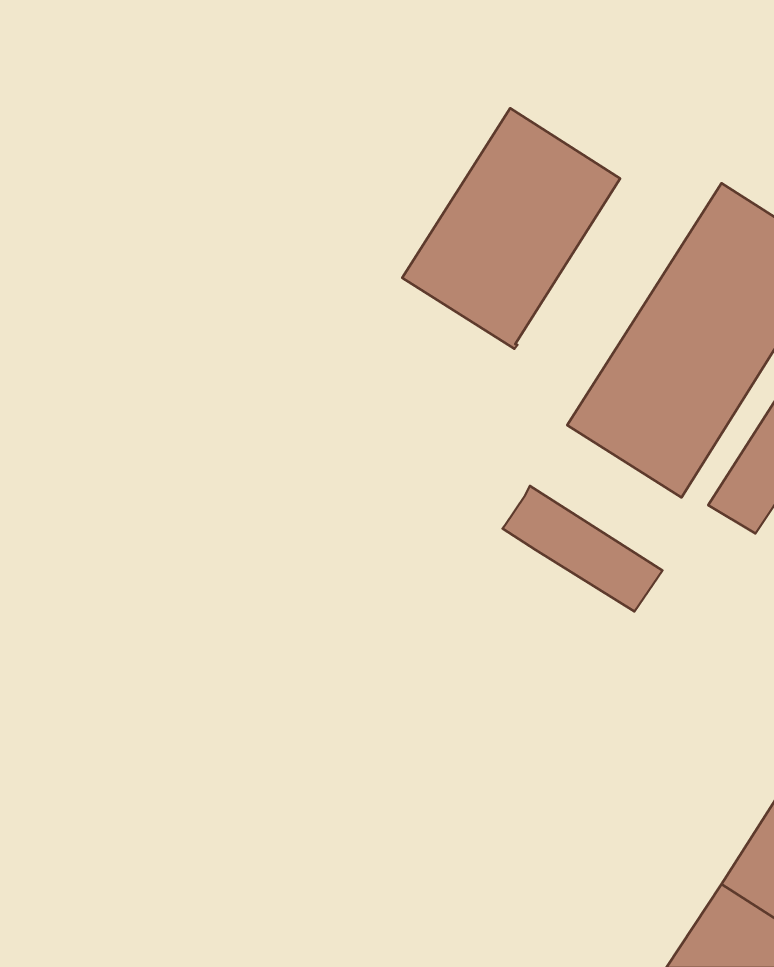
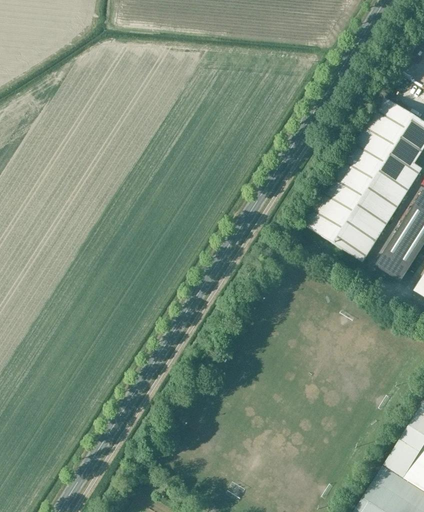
building: [402,108,620,349] -> none
building: [503,486,663,611] -> none

